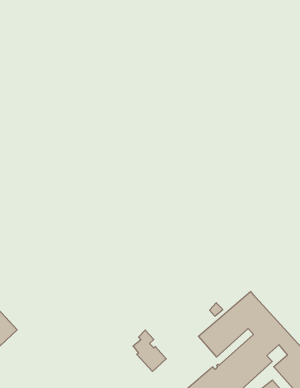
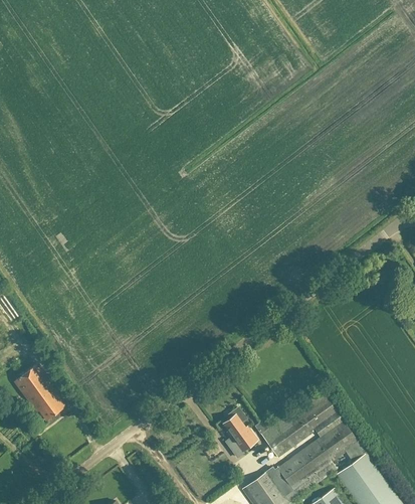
building: [133,330,166,371] -> [222,407,256,453]

